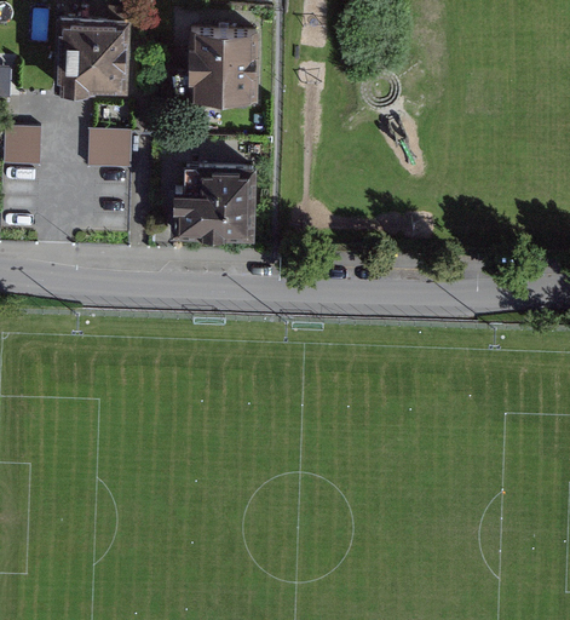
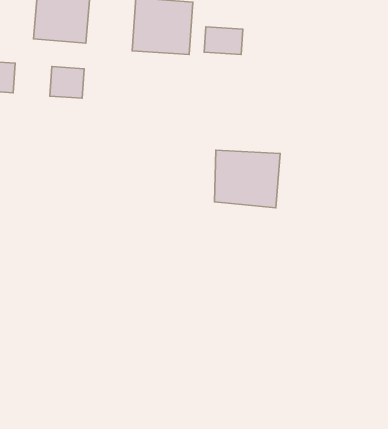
building: none -> [204,27,243,55]
building: [177,168,261,240] -> [214,150,280,208]

